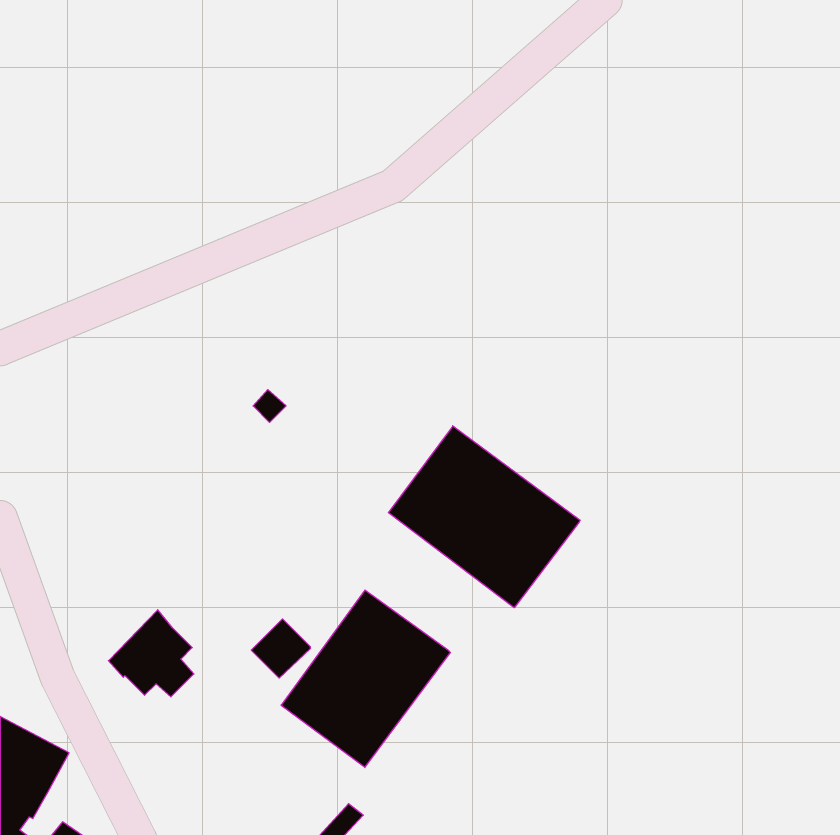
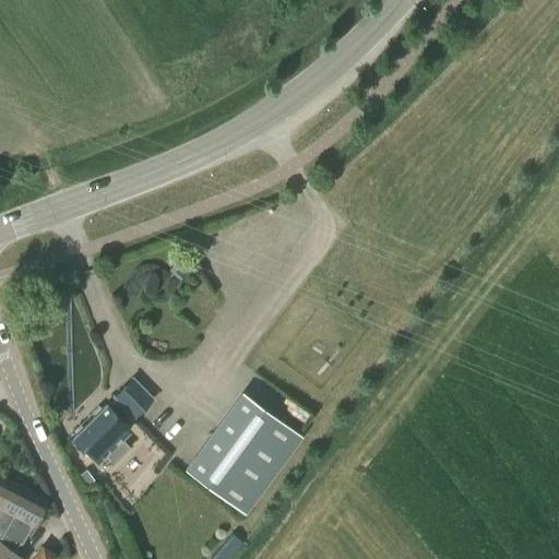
building: [388,426,580,608] -> none
building: [251,619,310,678] -> [112,381,152,420]

